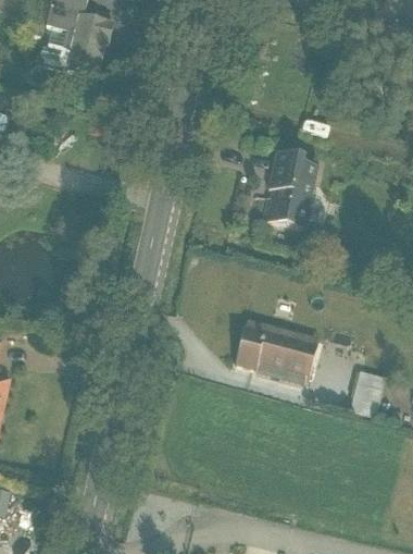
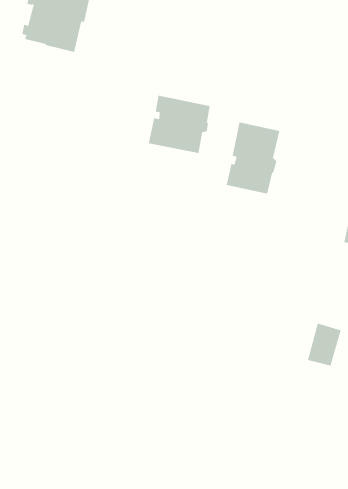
building: none -> [148,95,210,154]
building: [234,325,315,384] -> none

